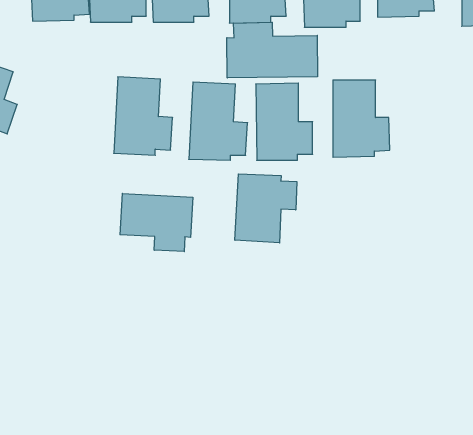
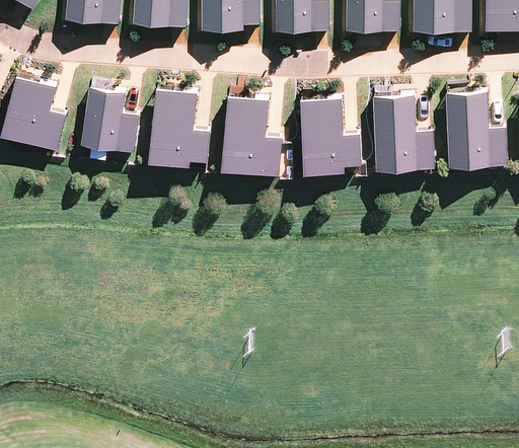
building: [227,22,317,78] -> none
building: none -> [90,86,139,151]
building: none -> [446,89,503,165]
building: [235,174,297,243] -> none
building: [120,193,193,252] -> none

